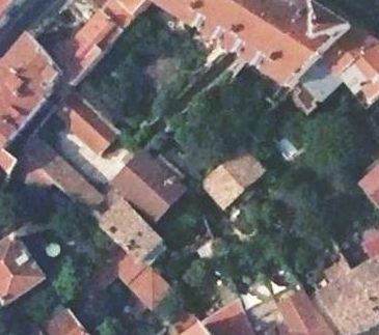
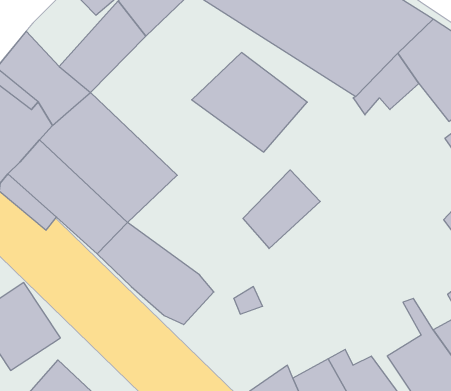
building: [104,147,195,226] -> [192,53,307,152]
building: [107,235,163,304] -> none

